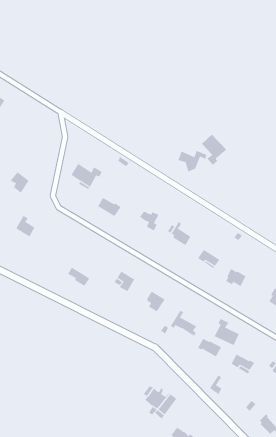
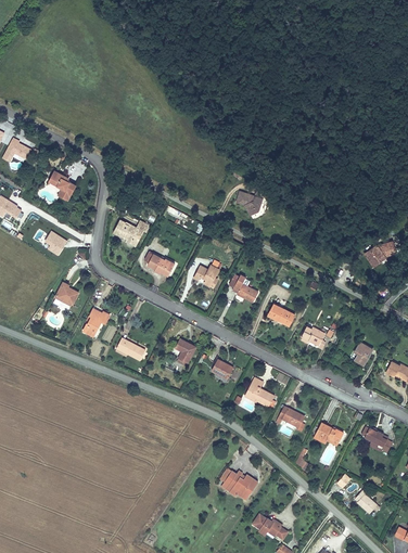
building: none -> [48,168,78,200]
building: [201,134,227,166] -> none
building: none -> [82,306,112,335]
building: [214,318,239,346] -> none

